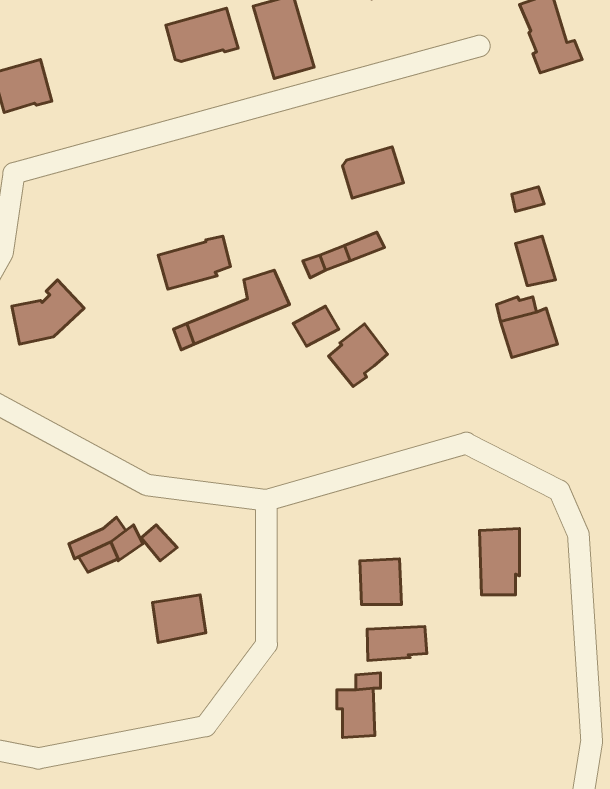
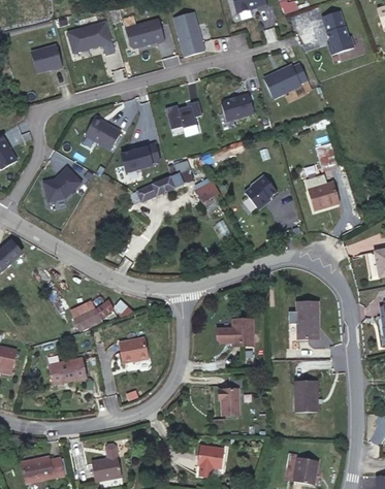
building: none -> [67,20,118,61]
building: none -> [264,63,309,98]
building: none -> [165,101,203,130]
building: none -> [85,117,121,150]
building: [328,324,387,387] -> [245,174,277,208]
building: [367,627,427,660] -> none
building: none -> [47,357,86,384]
building: none -> [295,381,318,412]

